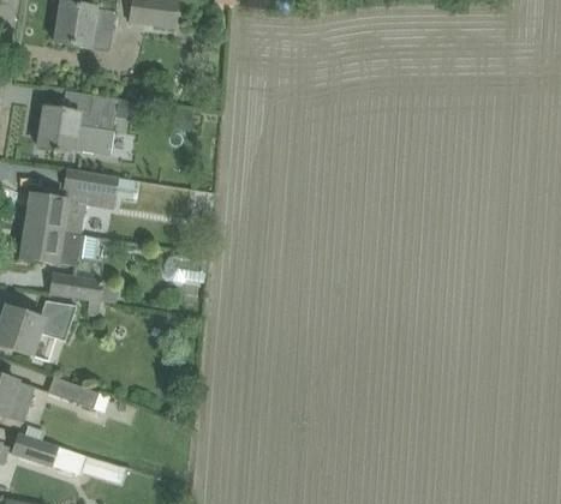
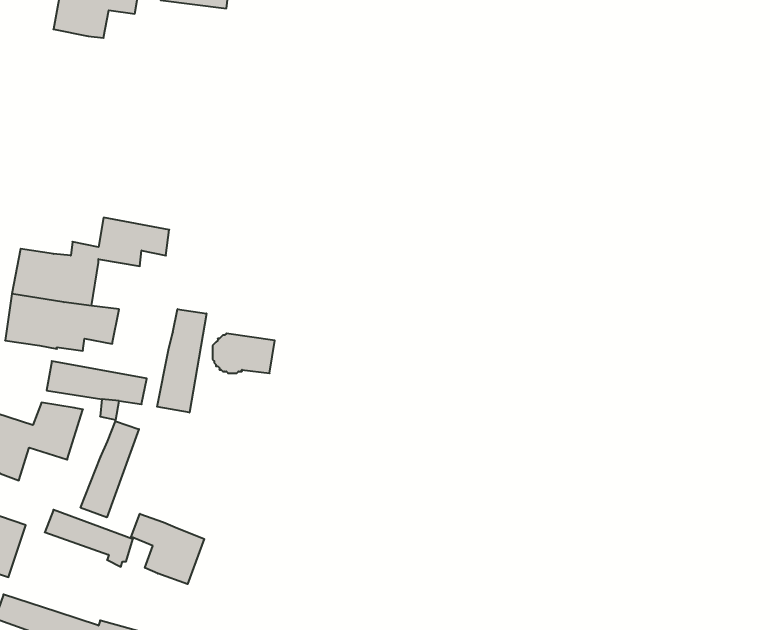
building: [36,92,150,155] -> none
building: none -> [157,309,206,413]
building: none -> [81,421,139,517]
building: none -> [131,514,204,584]

